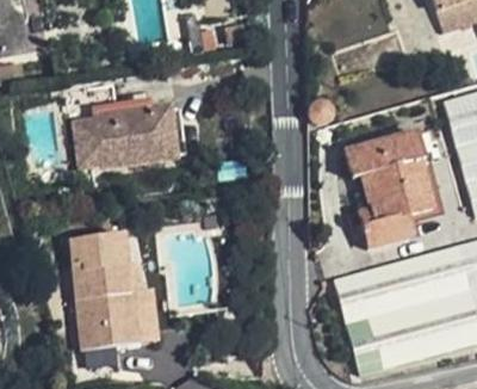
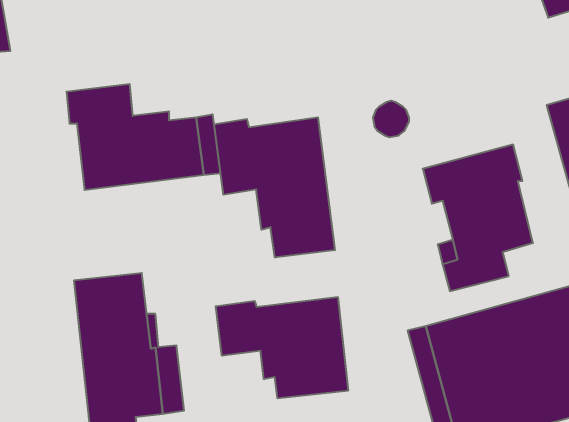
building: none -> [214,117,335,258]
building: none -> [216,297,348,398]

